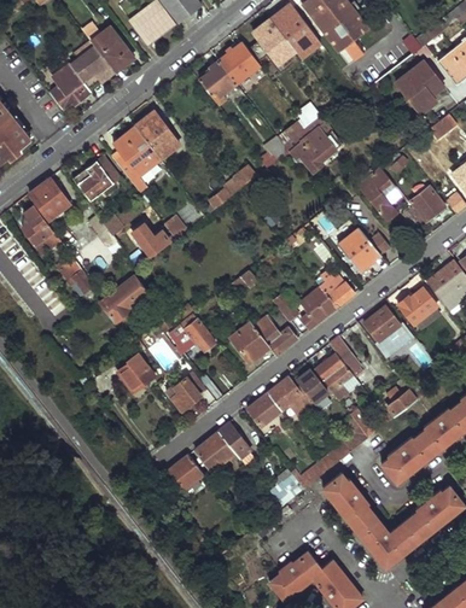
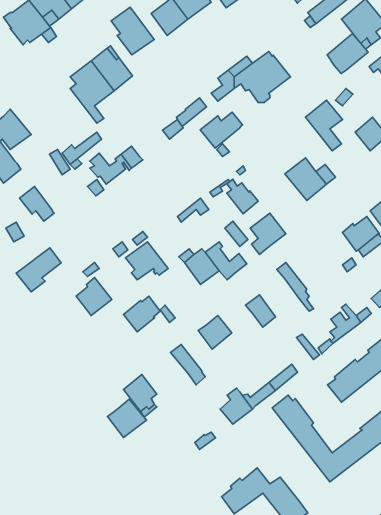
building: none -> [111,7,154,55]
building: none -> [327,34,368,73]
building: [74,154,121,200] -> none
building: none -> [200,112,243,148]
building: [321,271,354,308] -> [227,179,258,214]
building: [100,276,147,322] -> [16,248,61,292]
building: [363,308,400,350] -> none
building: [315,355,353,403] -> none
building: [267,378,314,417] -> none
building: [194,432,235,472] -> [107,399,147,437]

